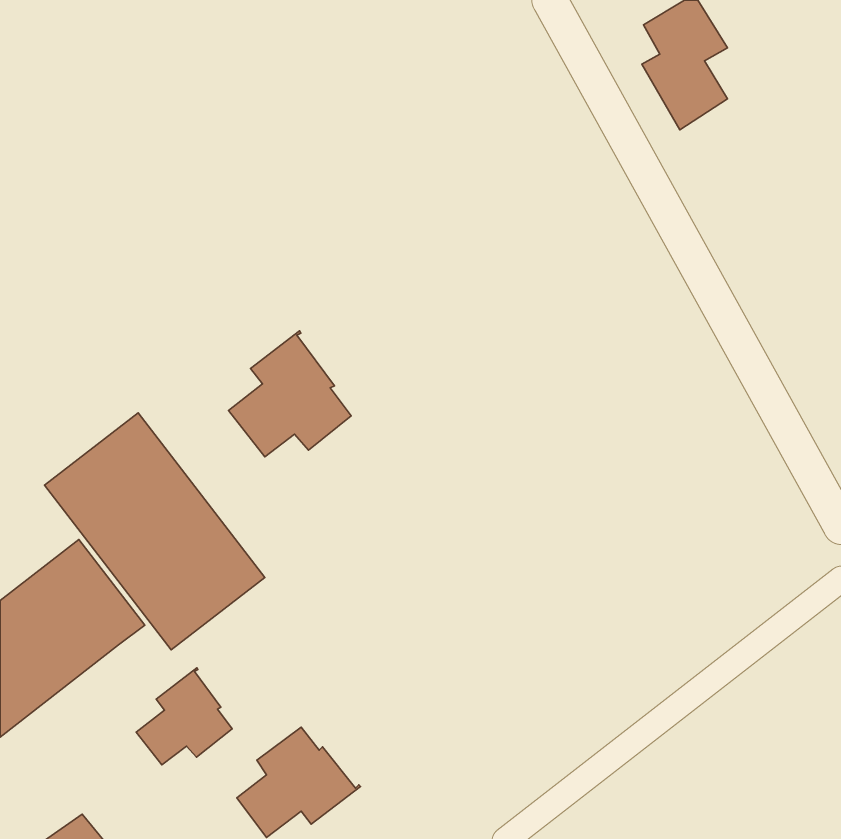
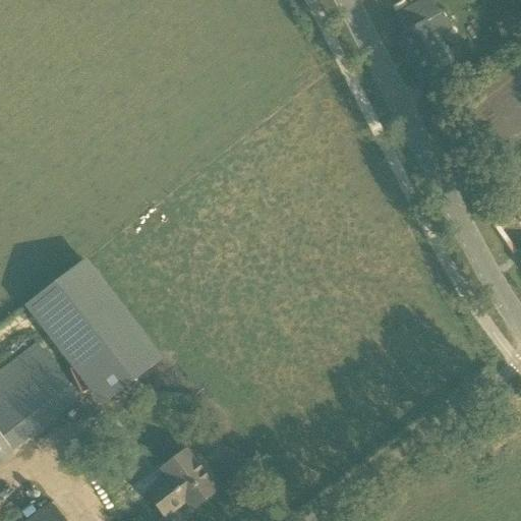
building: [228,331,351,457] -> none
building: [136,668,232,765] -> none

